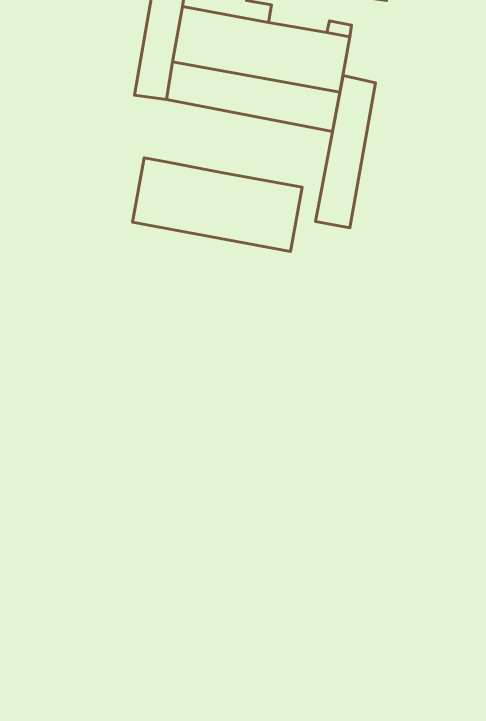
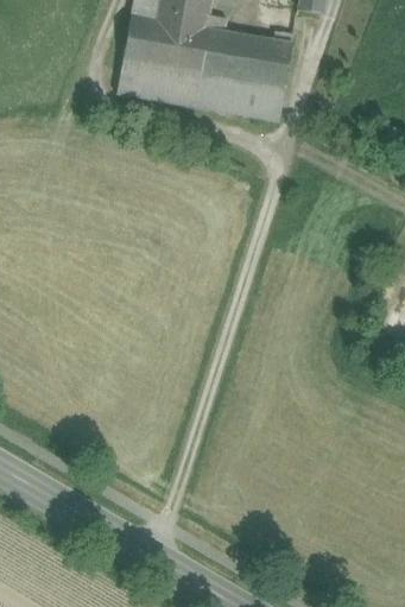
building: [316,76,376,228] -> none
building: [132,158,302,251] -> none

